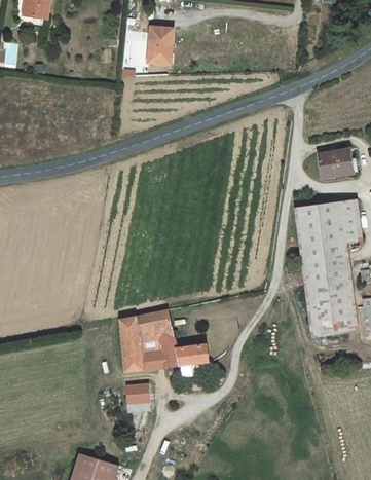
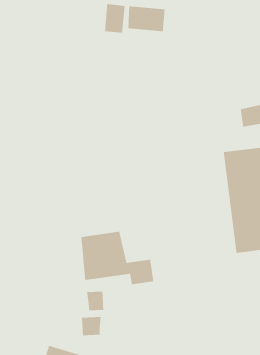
building: none -> [128,6,165,32]
building: none -> [81,316,101,336]

